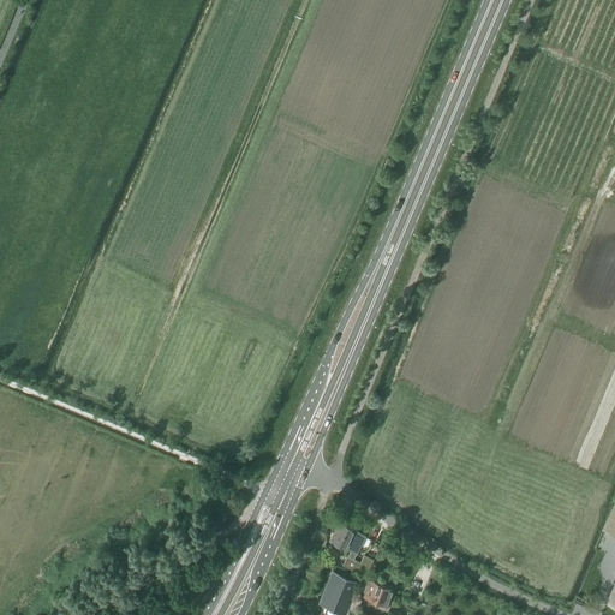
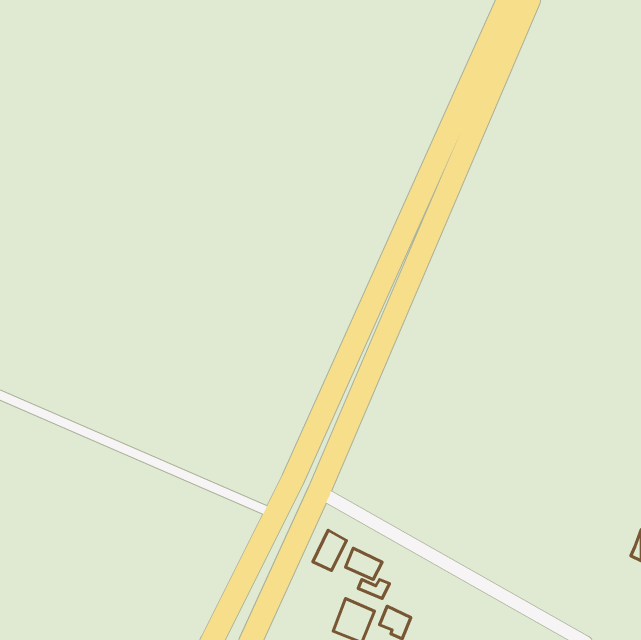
building: none -> [313,530,347,570]

